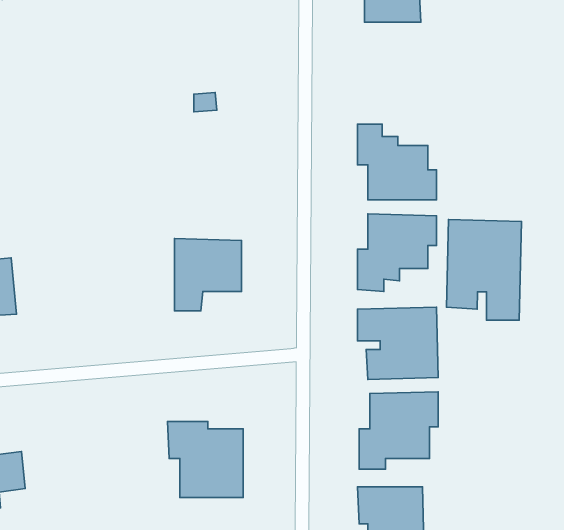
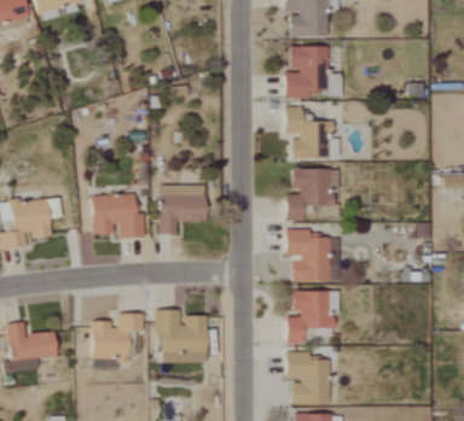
building: none -> [284,46,343,98]
building: [446,220,521,320] -> none
building: none -> [92,194,145,238]
building: none -> [92,314,144,361]

